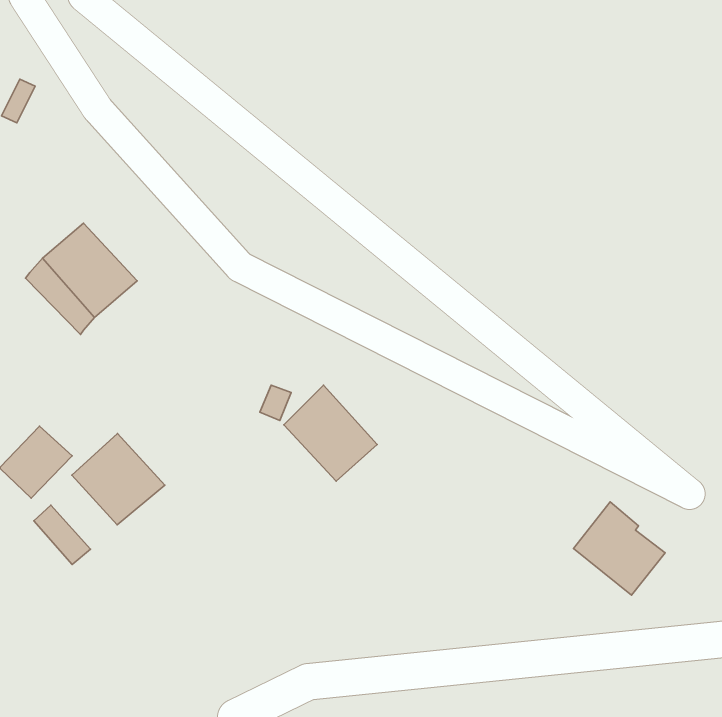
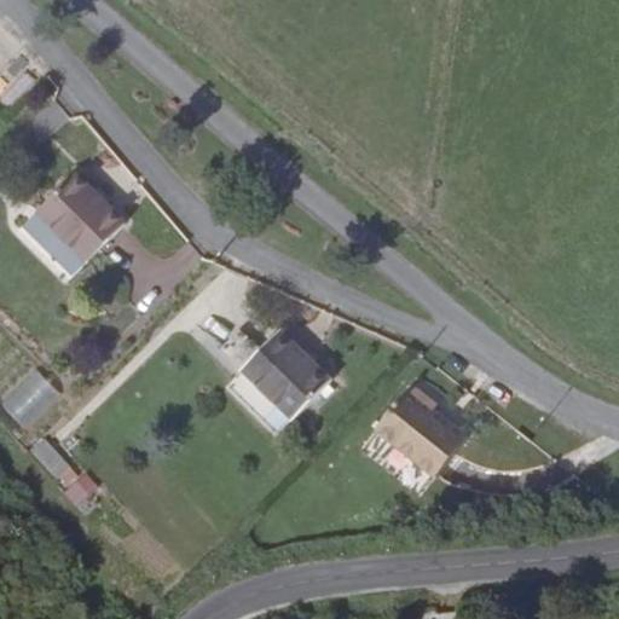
building: [72,434,165,525] -> none
building: [573,502,665,595] -> [380,392,458,472]

